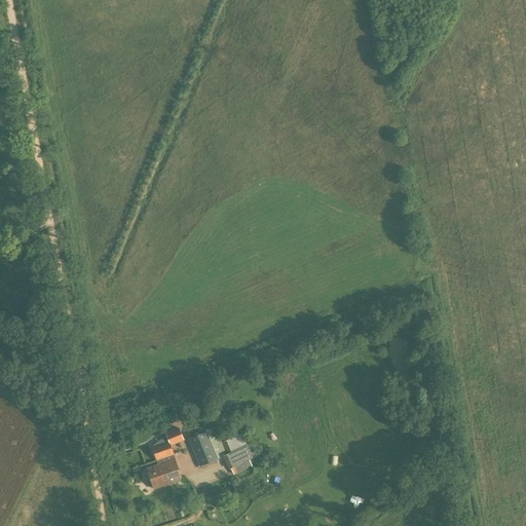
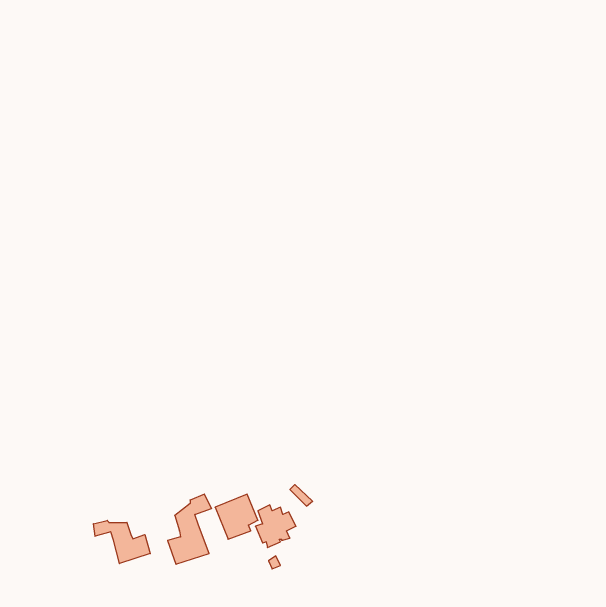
building: none -> [93,520,150,564]

